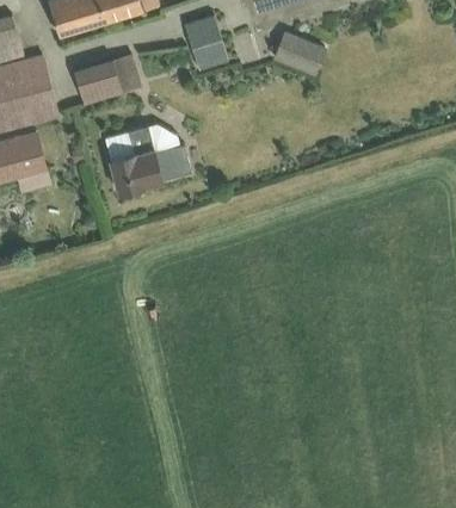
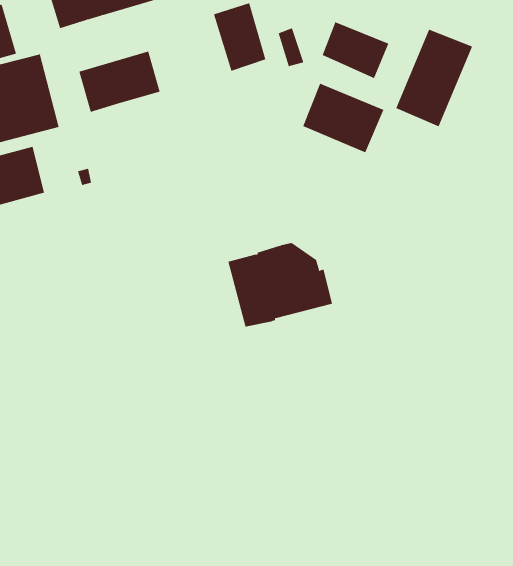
building: none -> [395,29,473,127]
building: none -> [302,83,384,153]
building: [104,123,190,192] -> [227,242,333,327]

